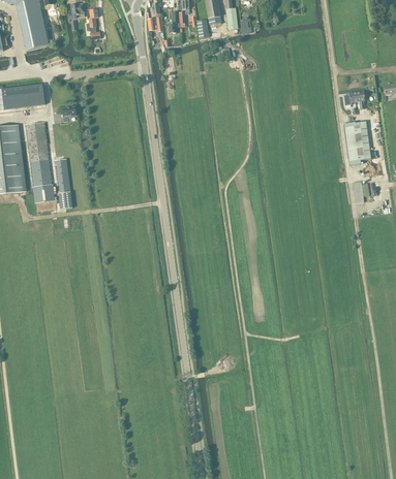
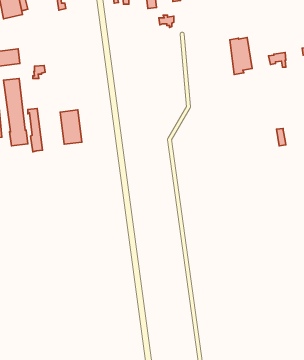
building: [344,120,371,164] -> [230,37,252,74]
building: none -> [60,110,82,144]

